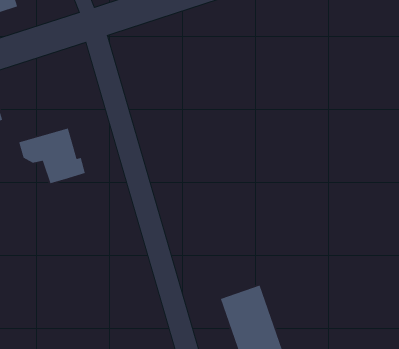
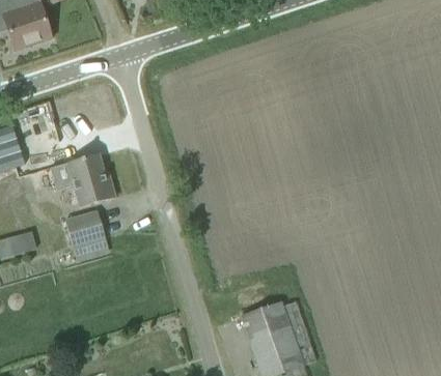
building: none -> [65,210,109,261]

